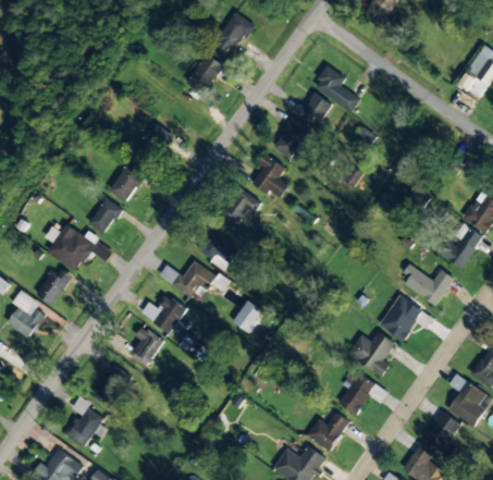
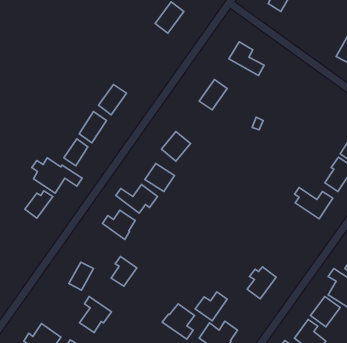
building: [187,53,224,94] -> none
building: [296,93,332,125] -> none
building: [252,153,289,197] -> none
building: [8,290,47,339] -> none
building: [380,294,423,340] -> none
building: [233,299,264,333] -> none
building: [130,325,164,366] -> [111,257,137,286]
building: [348,331,395,376] -> none
building: [65,397,109,446] -> [80,297,112,333]
building: [307,411,350,451] -> [195,292,227,321]
building: none -> [162,304,194,339]

